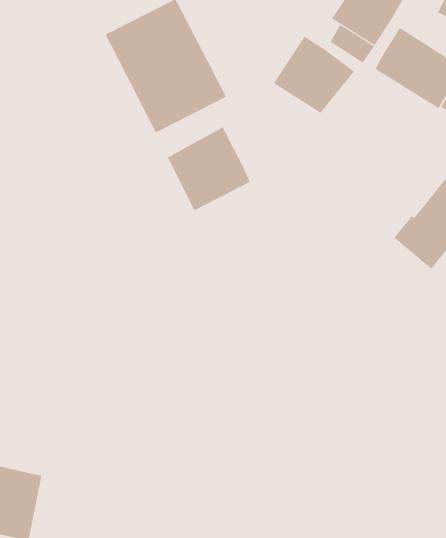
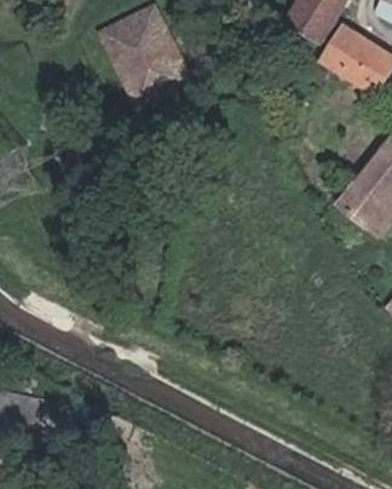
building: [273,36,355,113] -> none
building: [167,127,251,211] -> none

